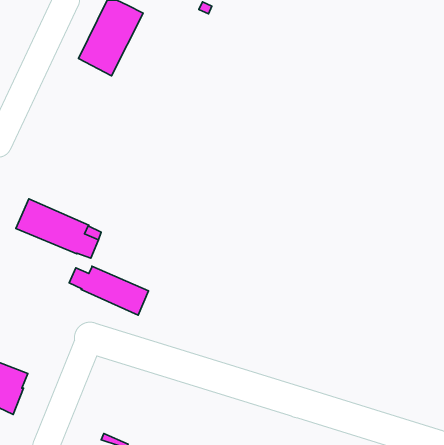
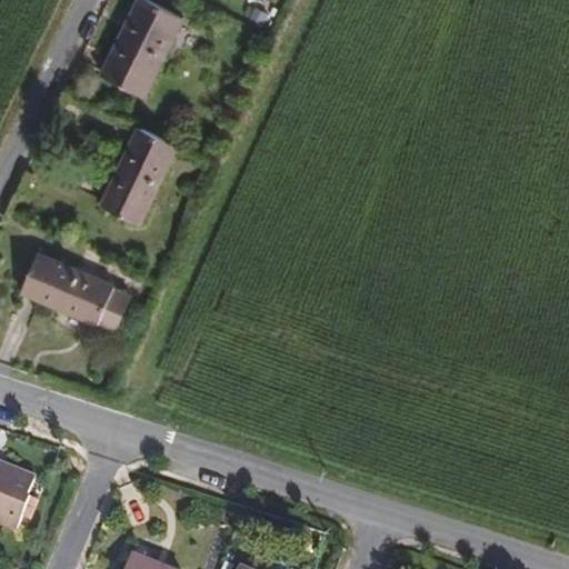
building: none -> [102,129,174,224]
building: [69,266,148,315] -> none

